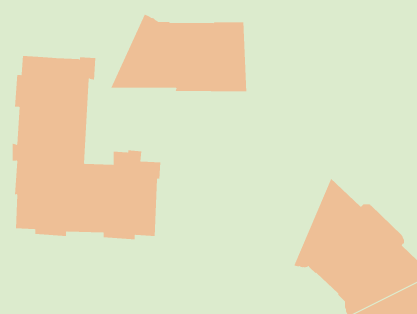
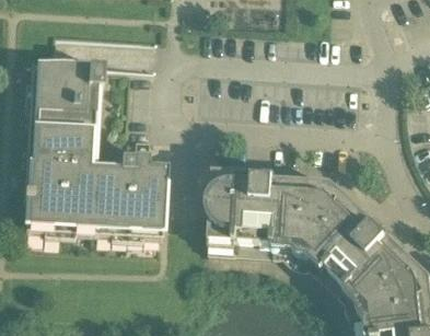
building: [111,14,247,92] -> none
building: none -> [210,169,334,266]

